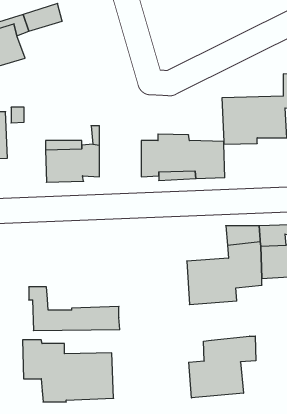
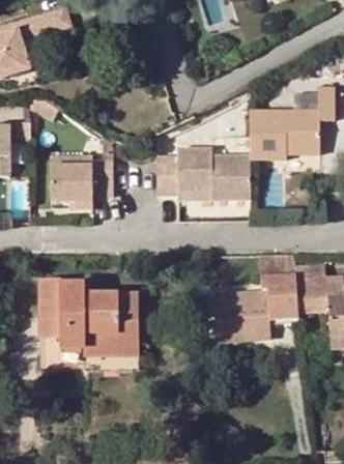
building: [189,336,256,398] -> none
building: [23,340,114,402] -> [36,278,138,347]

